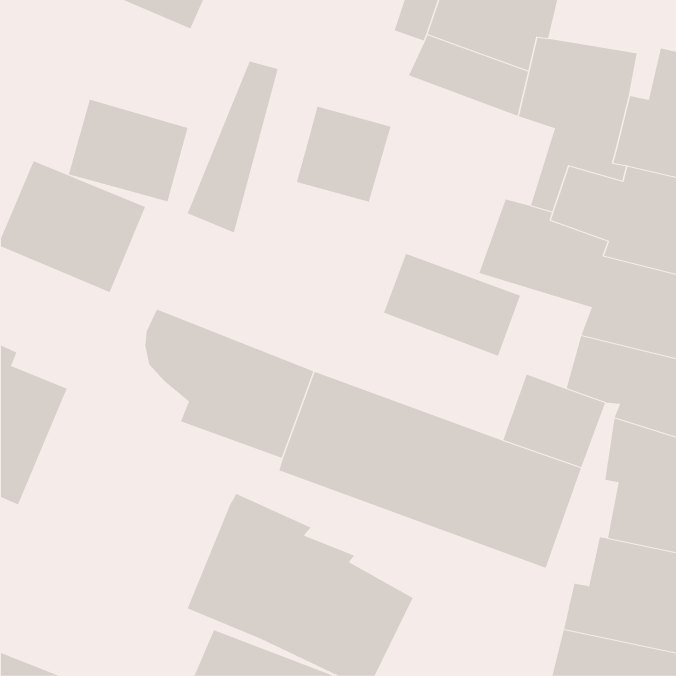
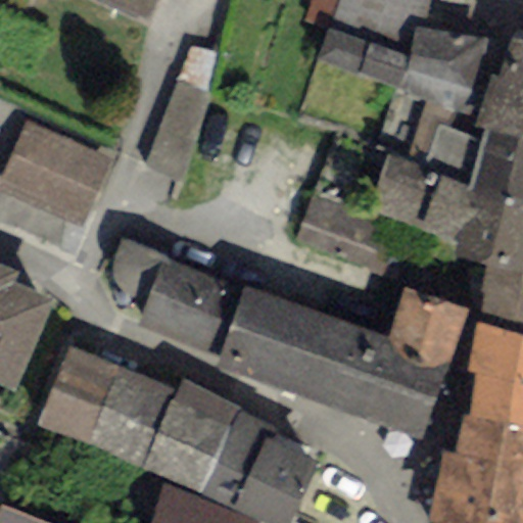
building: [68,99,188,202] -> none
building: [296,106,391,202] -> none
building: none -> [37,345,178,469]

